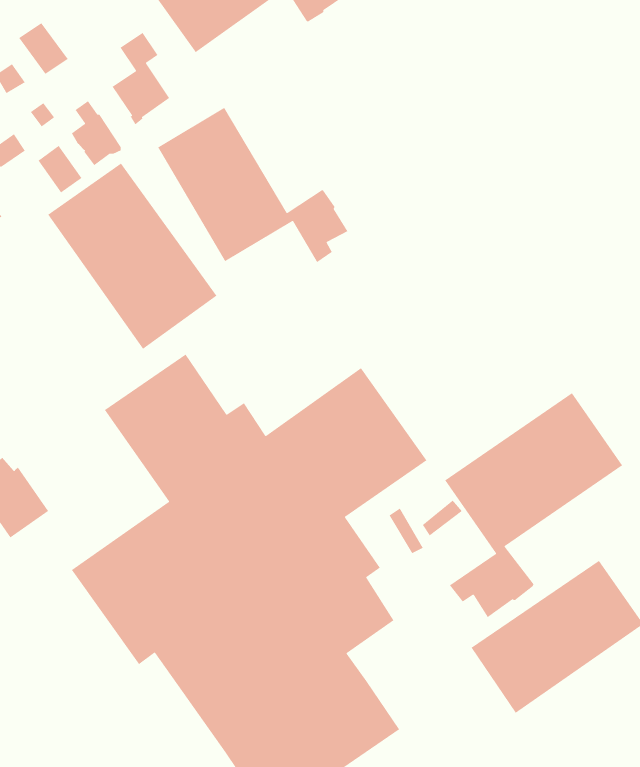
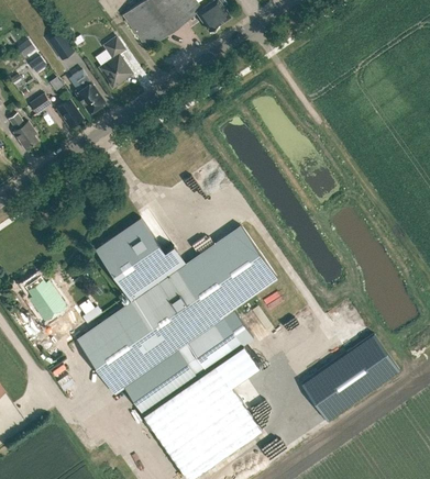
building: [157,107,348,263] -> none
building: [47,162,218,350] -> none
building: [444,392,623,618] -> none

